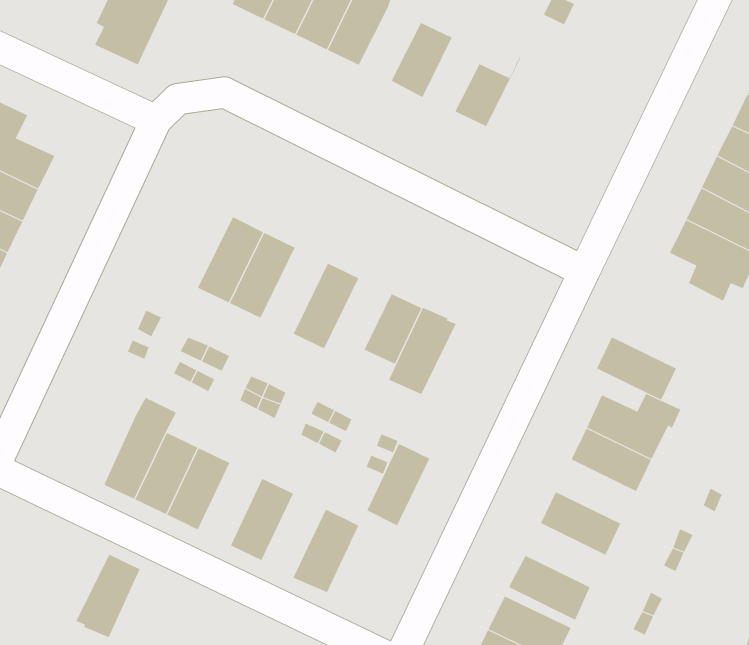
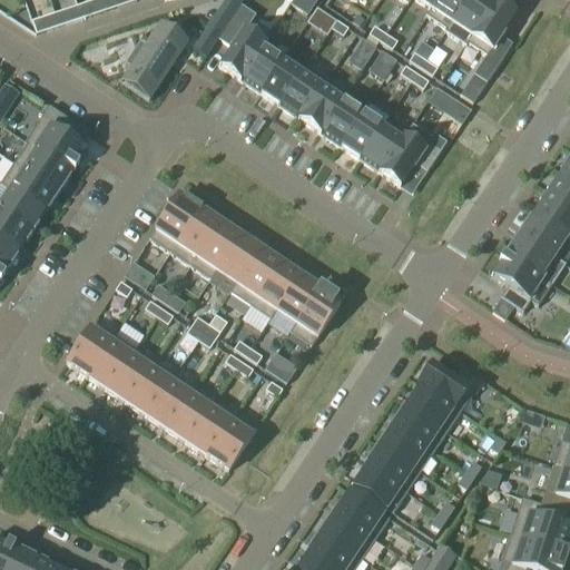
building: none -> [299,79,345,129]
building: none -> [340,106,381,156]
building: none -> [380,126,445,184]
building: none -> [149,191,200,250]
building: none -> [209,233,259,291]
building: none -> [249,259,299,317]
building: [596,337,677,400] -> [392,402,446,450]
building: [367,443,430,528] -> [187,399,235,455]
building: none -> [147,372,195,428]
building: none -> [365,442,420,490]
building: [75,554,141,638] -> [66,318,115,375]

